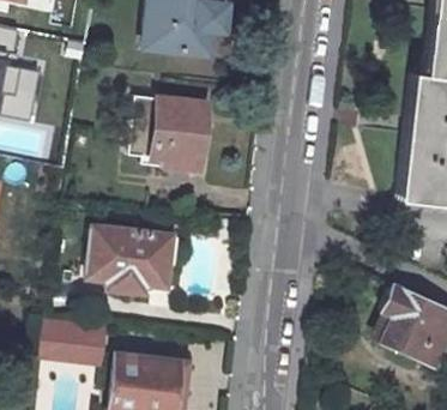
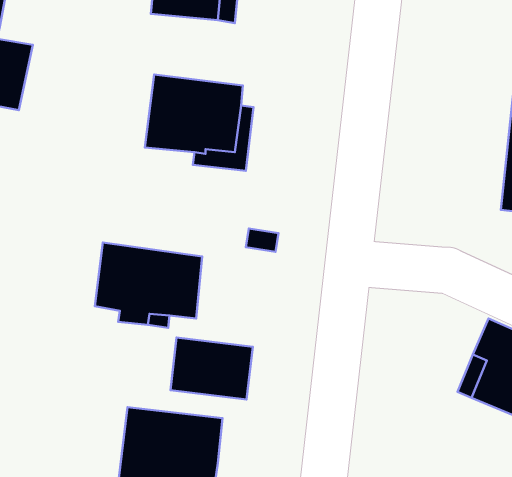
building: [49,321,113,369] -> [170,337,253,400]

